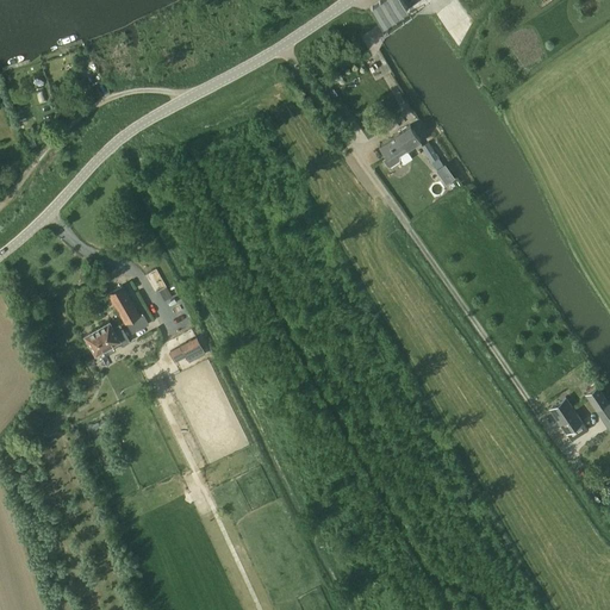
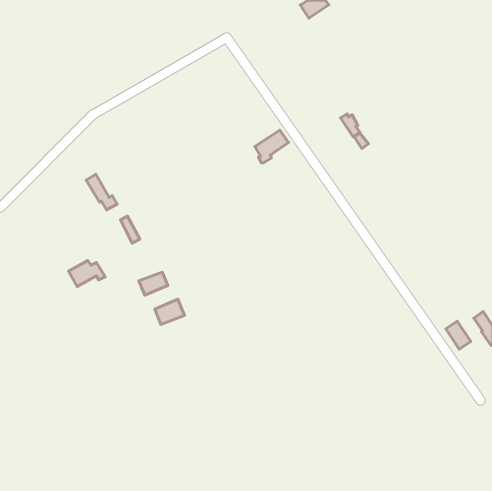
building: [380,127,422,168] -> [255,130,288,163]
building: [111,288,149,332] -> [86,174,117,210]
building: none -> [155,299,185,325]

